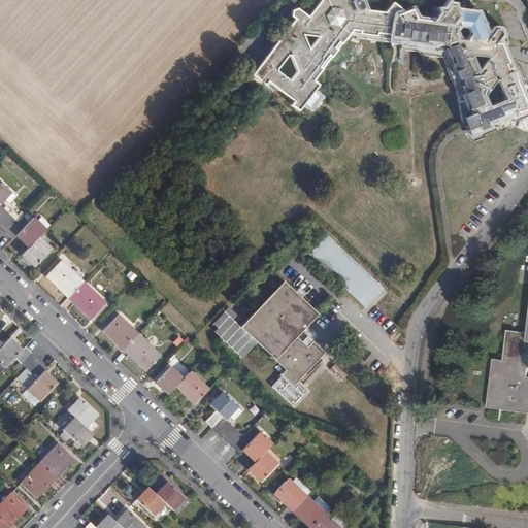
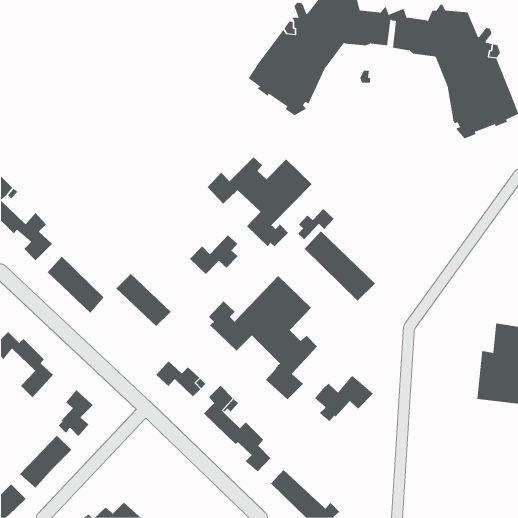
building: none -> [207,157,312,247]
building: none -> [297,208,335,240]
building: none -> [189,234,238,275]
building: [105,315,162,369] -> [116,273,171,327]
building: none -> [314,375,374,422]
building: [136,482,185,515] -> none

